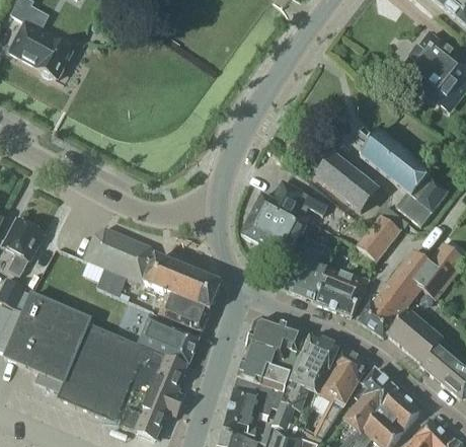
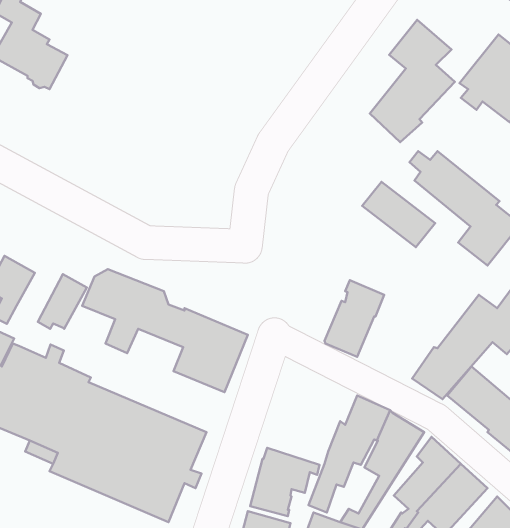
building: none -> [370,20,455,142]
building: [241,180,328,257] -> none
building: [357,214,401,262] -> none
building: none -> [38,274,87,329]
building: [312,268,370,315] -> none
building: [126,300,199,362] -> none
building: [237,316,306,391] -> none

